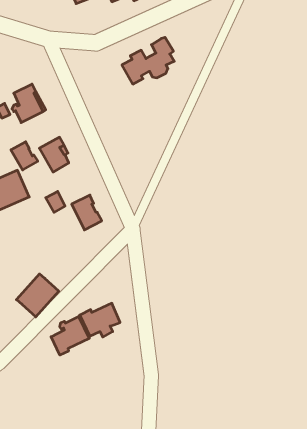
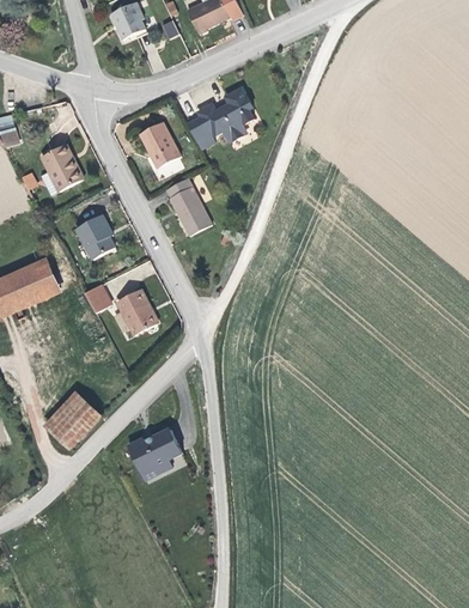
building: none -> [139,121,179,168]
building: none -> [166,177,211,235]
building: [11,142,38,170] -> none
building: [51,316,89,355] -> none

